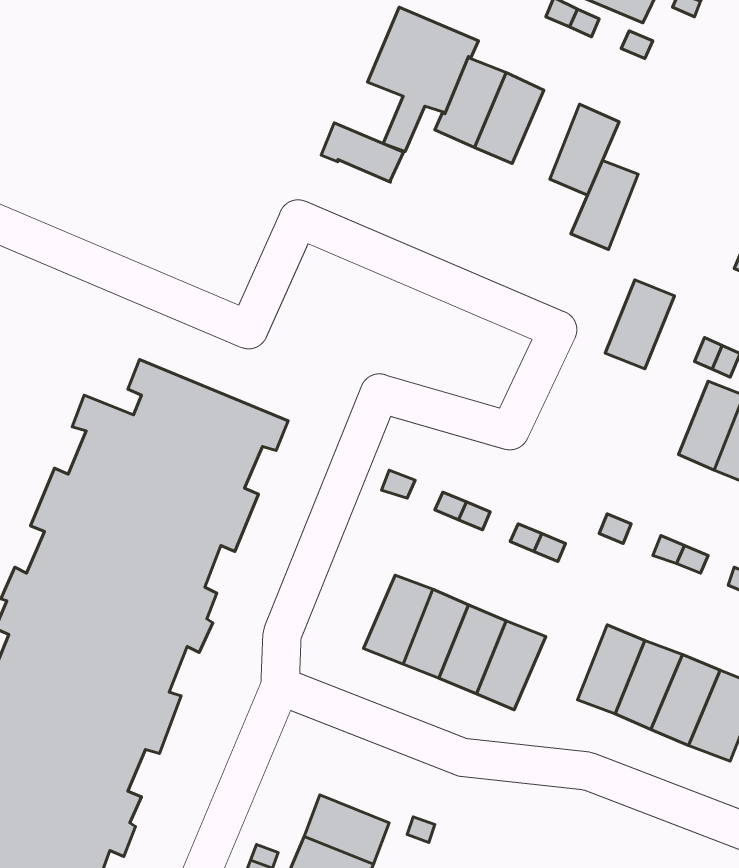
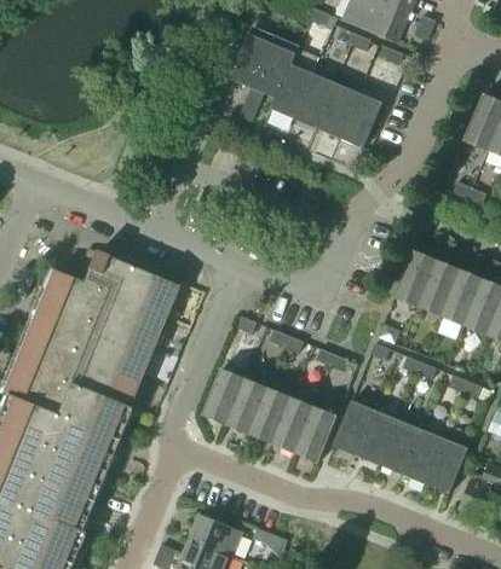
building: [321,123,403,182] -> none
building: [571,160,638,250] -> [316,83,357,138]
building: [605,280,675,369] -> [393,251,436,306]
building: none -> [201,368,244,424]
building: none -> [332,400,374,455]

